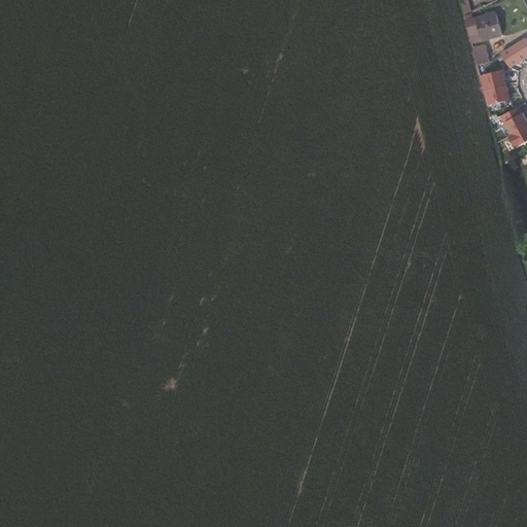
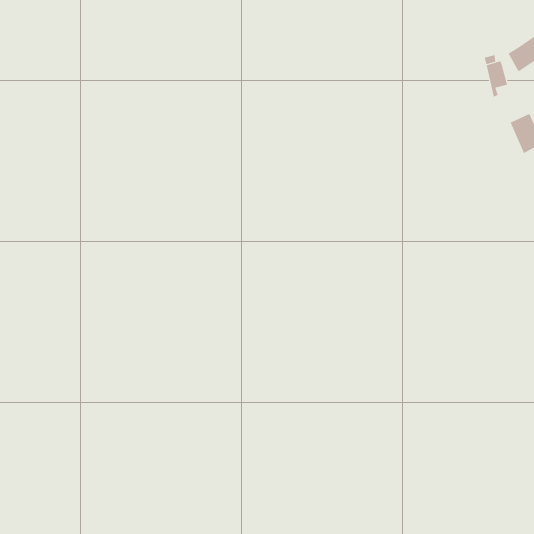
building: [467,11,502,39] -> none

